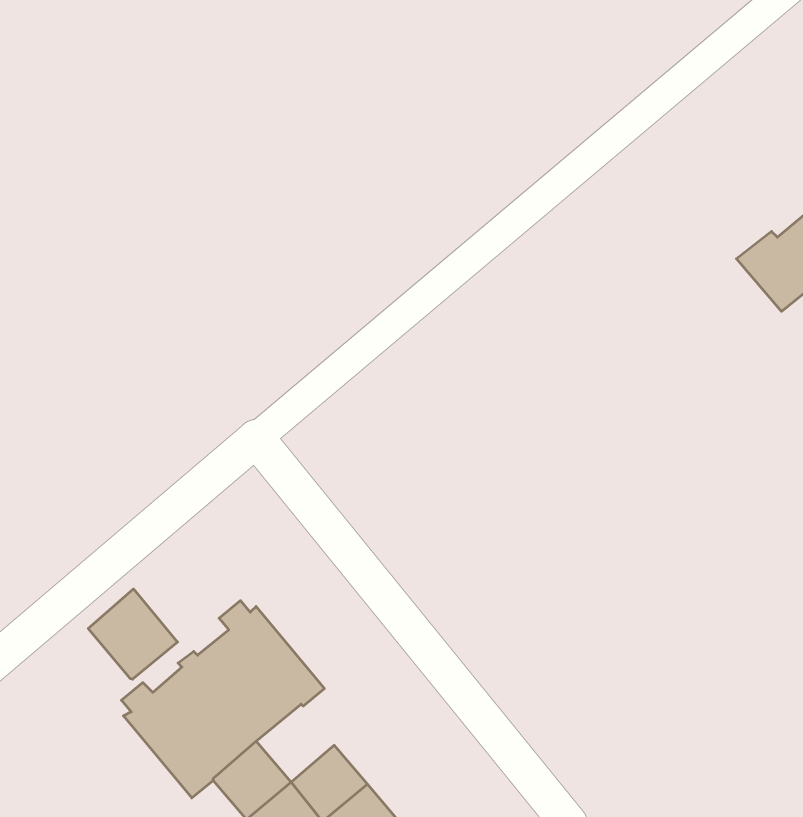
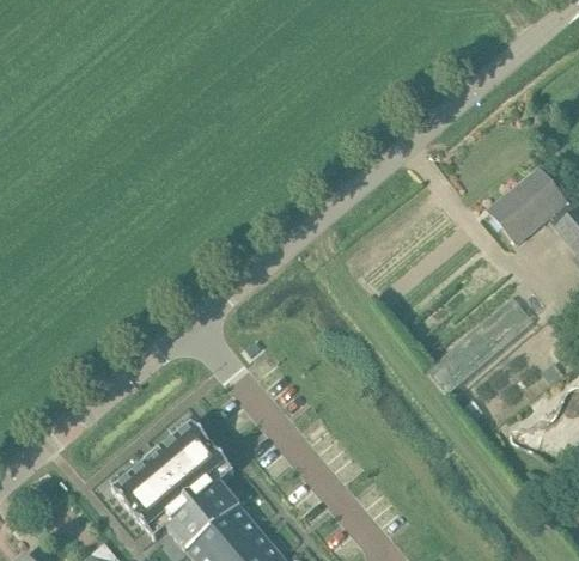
building: [88,589,178,679] -> none
building: none -> [197,484,245,532]

